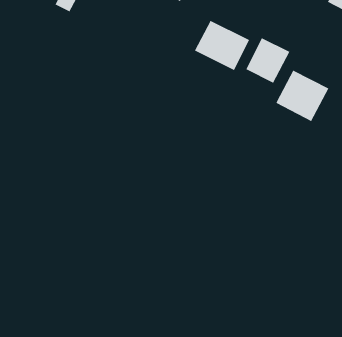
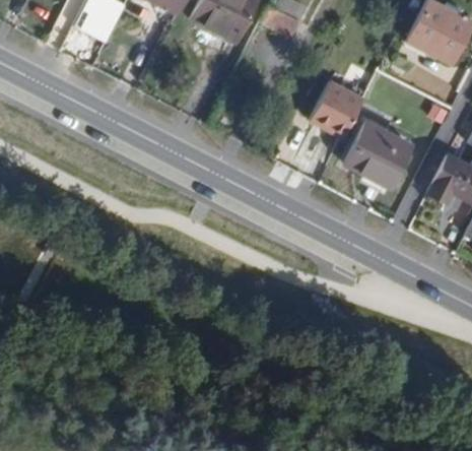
building: [194,20,250,71] -> none

